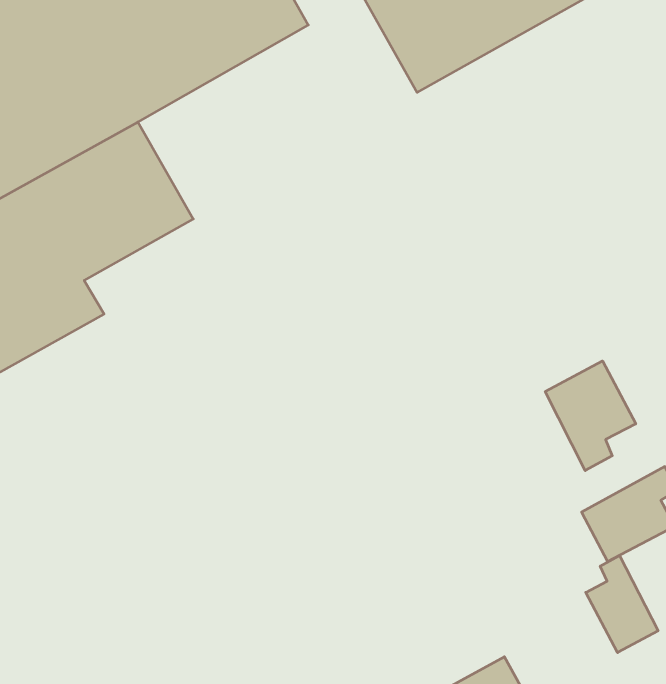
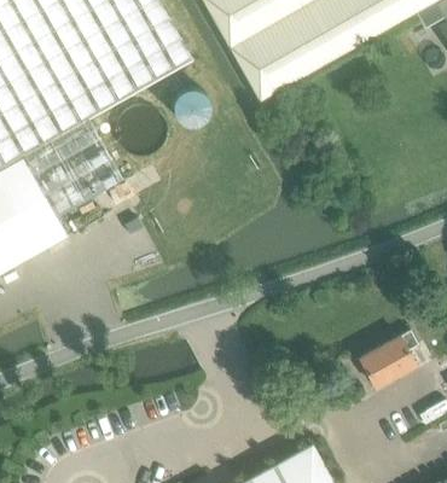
building: [545,361,636,471] -> none
building: [586,555,658,653] -> none

